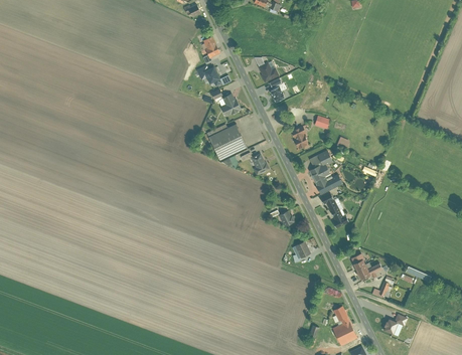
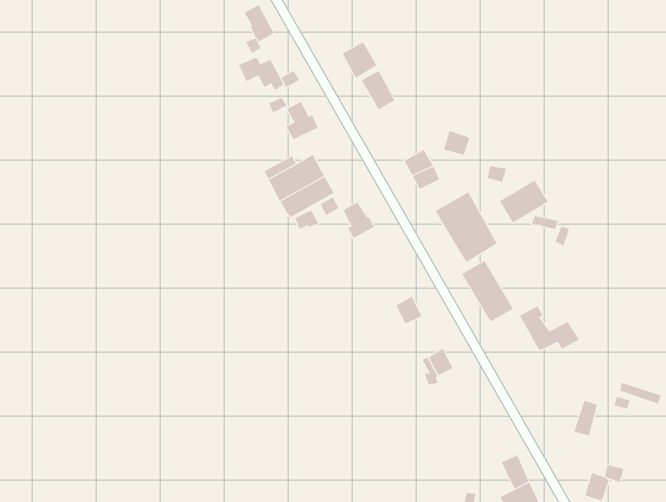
building: none -> [499,180,548,223]
building: [350,252,384,279] -> [519,306,580,351]

